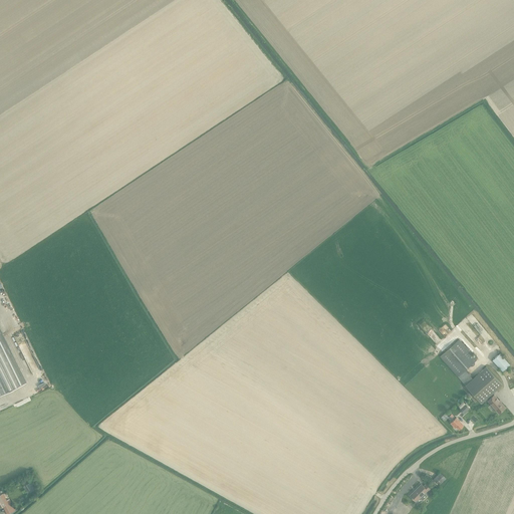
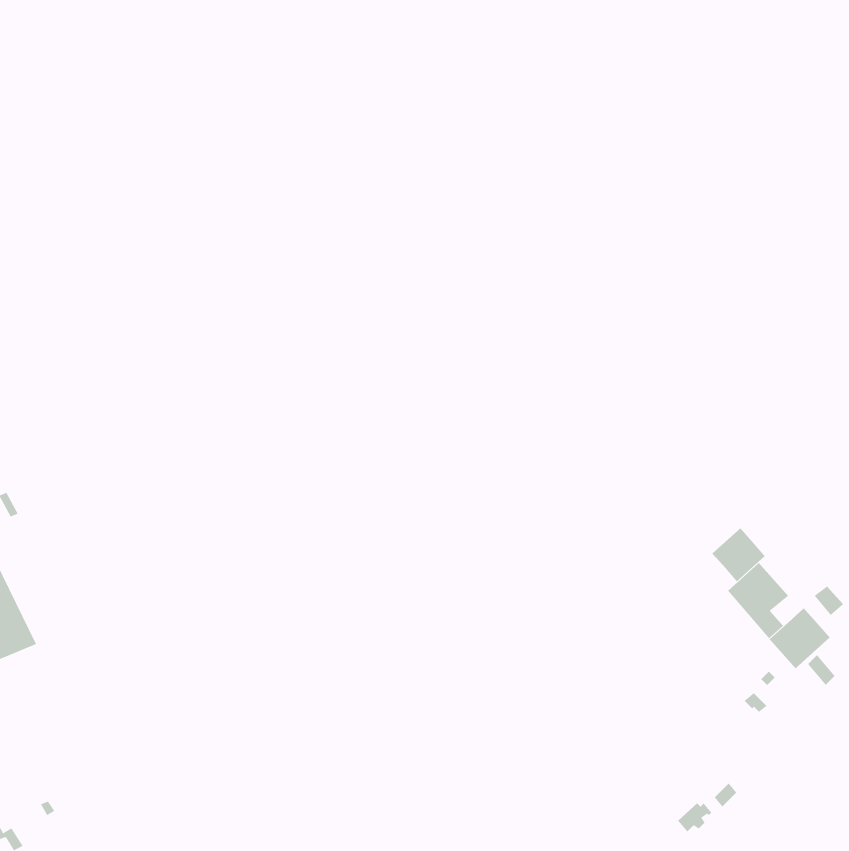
building: none -> [712,528,766,582]

